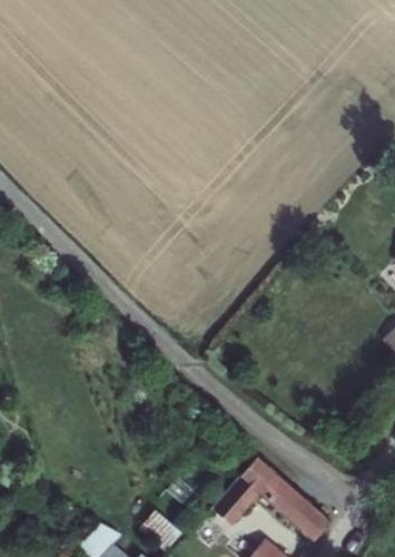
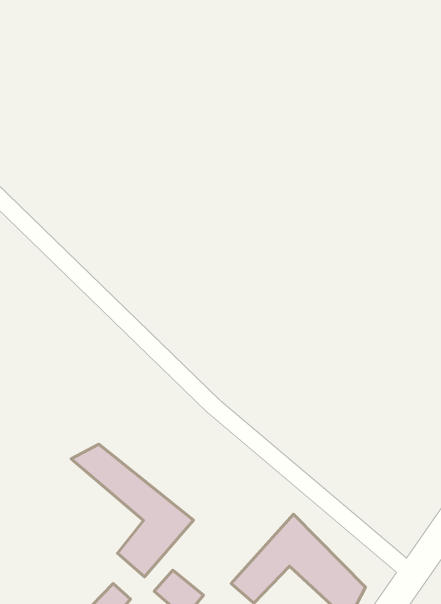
building: none -> [71,444,194,577]

